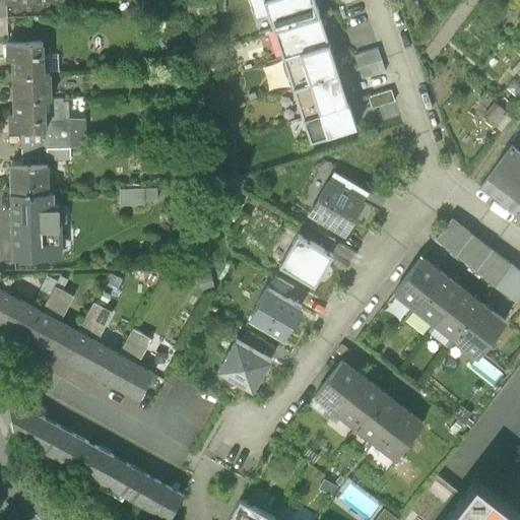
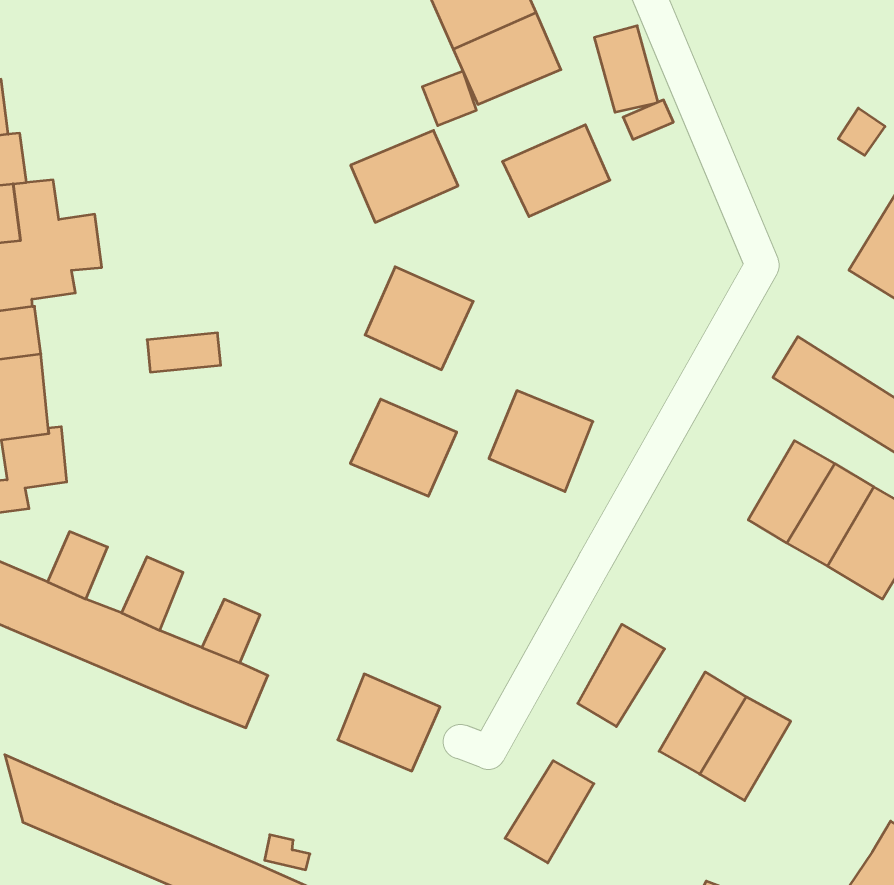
building: [292,66,348,112] -> [351,130,458,222]
building: [309,179,368,236] -> [365,267,473,370]
building: [391,258,443,314] -> none
building: [247,286,305,340] -> [350,399,457,496]
building: [218,338,274,392] -> [338,674,440,771]
building: [334,378,384,432] -> [505,761,594,863]

